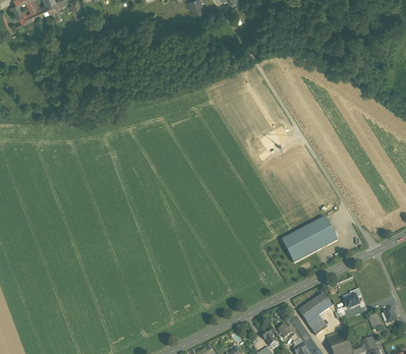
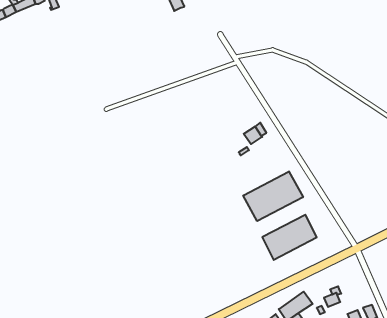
building: none -> [243,171,303,221]

